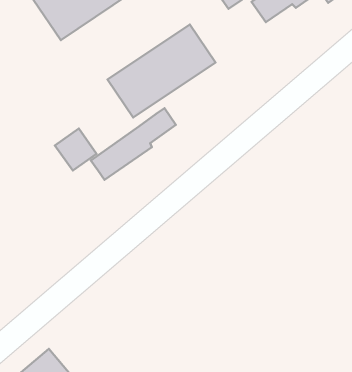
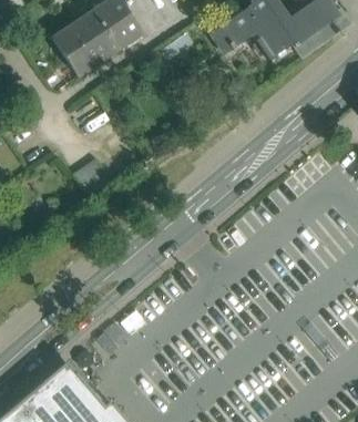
building: [108,24,215,118] -> none
building: [91,108,176,180] -> none

